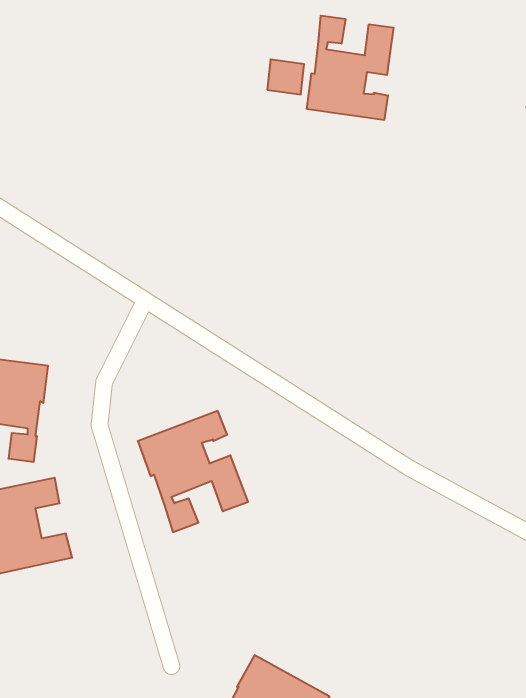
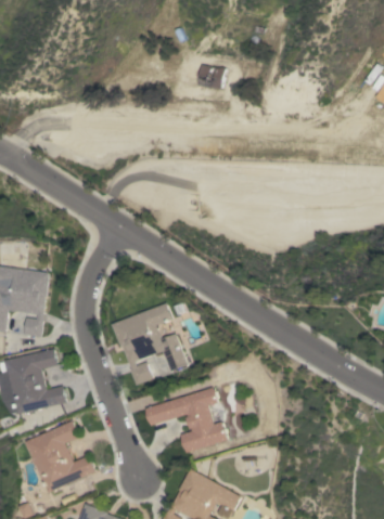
building: [307,16,394,120] -> none
building: none -> [145,388,227,453]
building: none -> [25,420,94,493]

